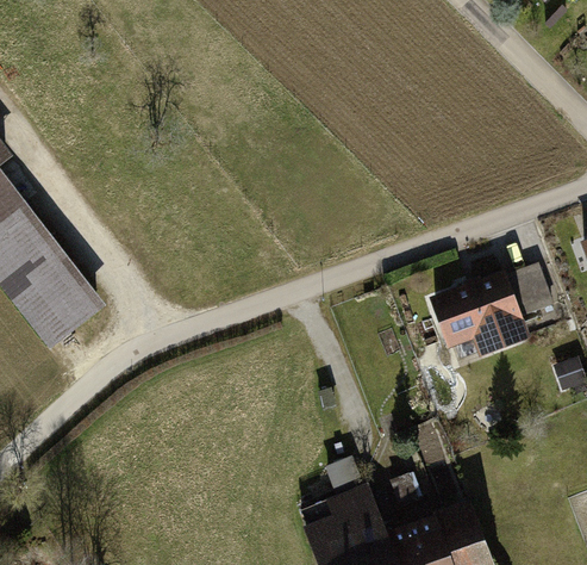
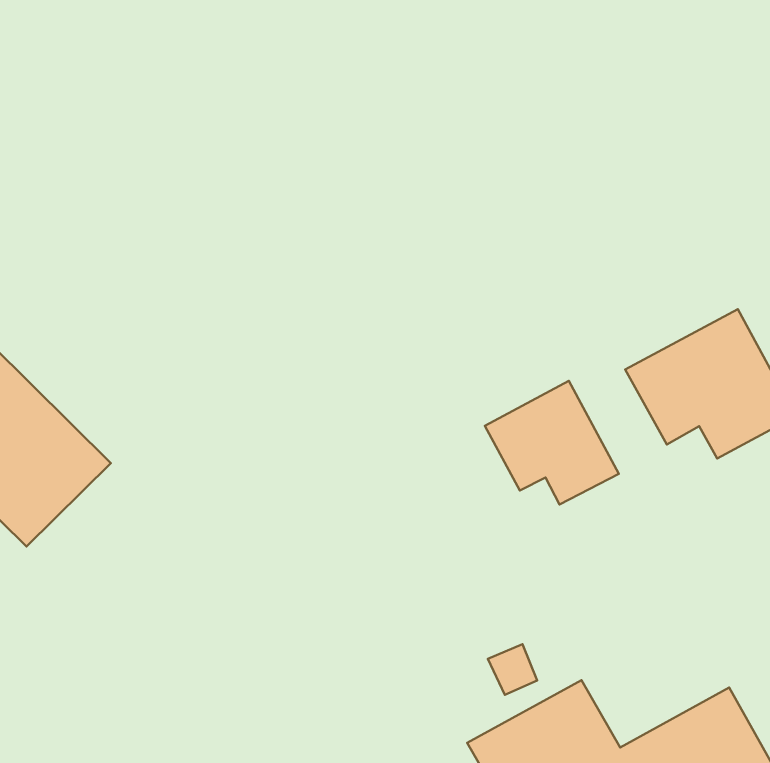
building: none -> [485,381,619,505]

